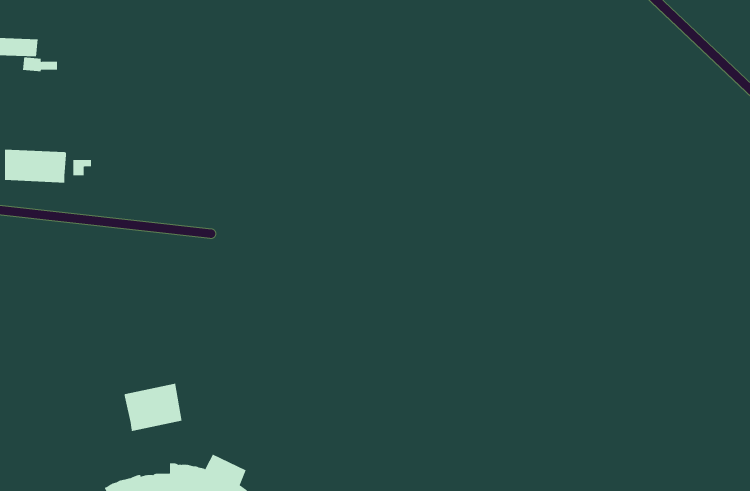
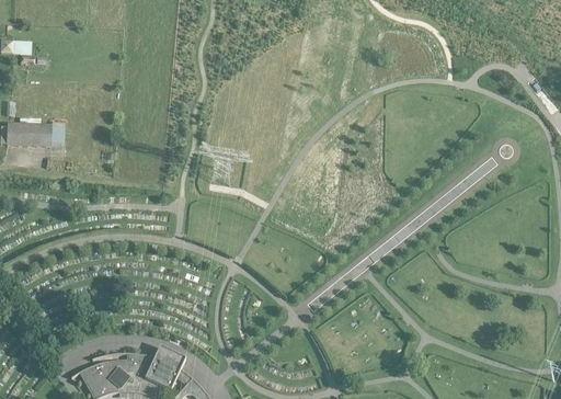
building: [124,383,182,432] -> none

